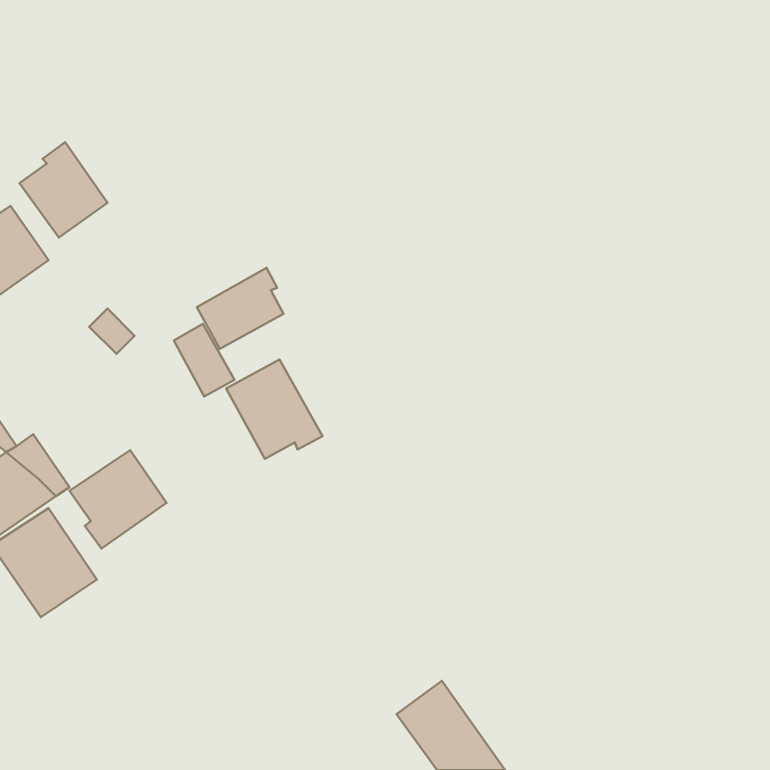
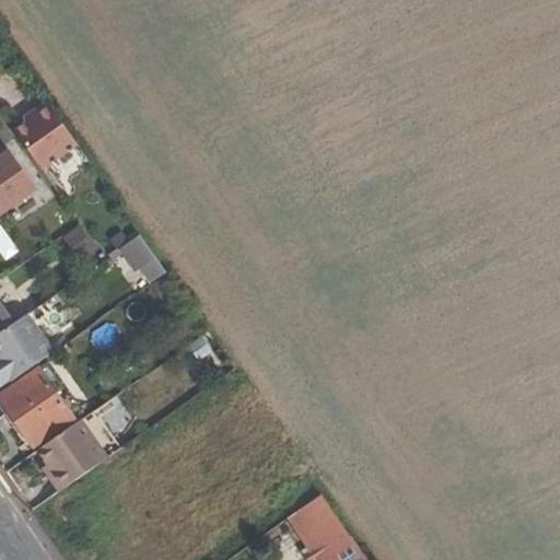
building: [197,268,284,349] -> none
building: [226,359,323,459] -> none
building: [70,450,166,548] -> [35,419,105,490]

